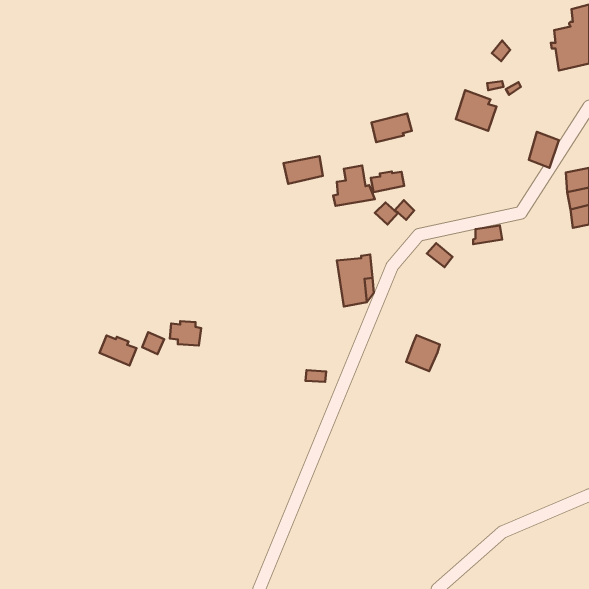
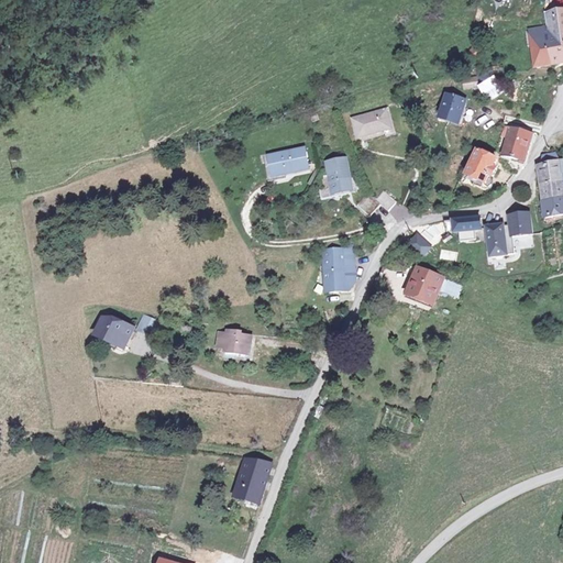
building: none -> [463,150,495,188]
building: [371,171,404,192] -> none
building: none -> [485,210,532,256]
building: [170,321,201,345] -> [218,328,247,351]
building: [406,335,440,371] -> [408,265,440,299]
building: none -> [233,459,268,504]

